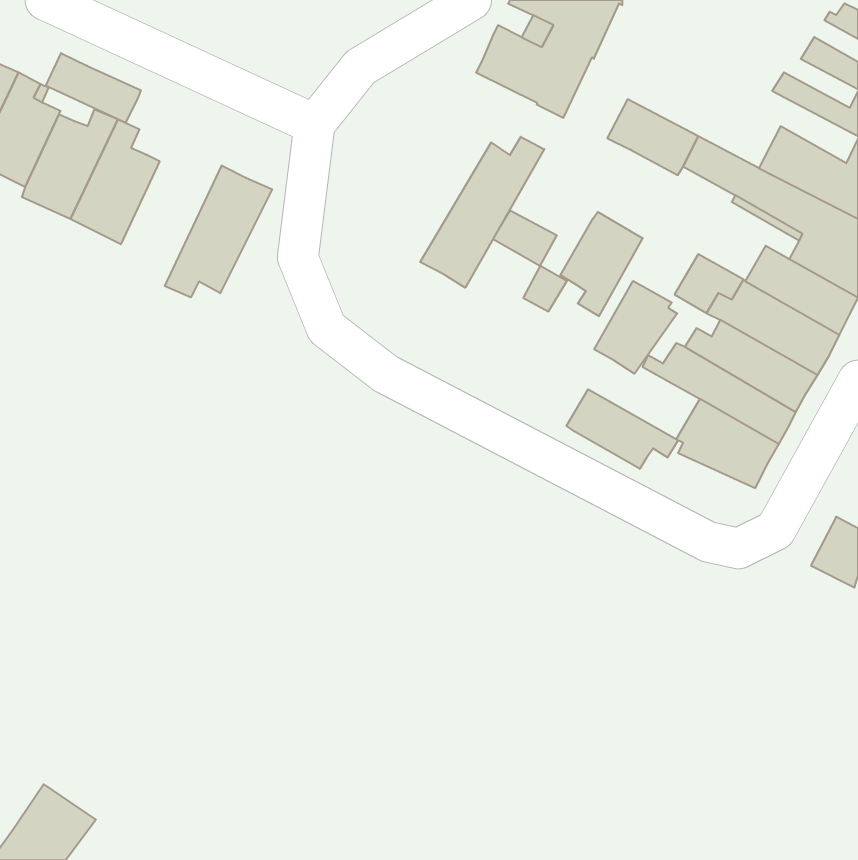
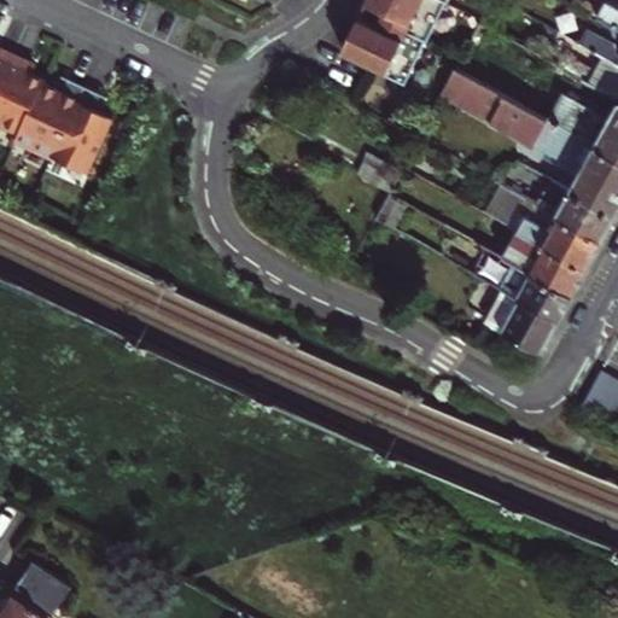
building: [46,53,141,123] -> none
building: [420,137,544,288] -> none
building: [165,165,272,297] -> none
building: [560,212,643,316] -> none
building: [594,281,677,374] -> none
building: [566,389,678,469] -> none

